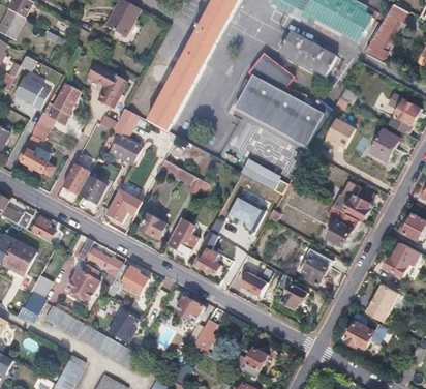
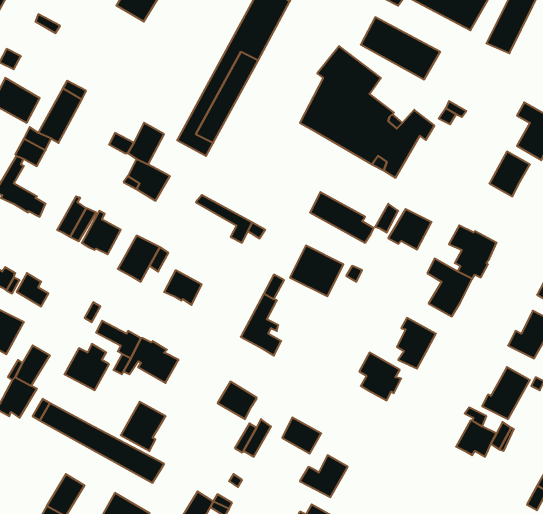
building: [89,63,126,107] -> none
building: [323,119,354,148] -> [388,209,432,250]
building: [168,216,197,252] -> none
building: [242,270,270,296] -> [282,417,321,454]

